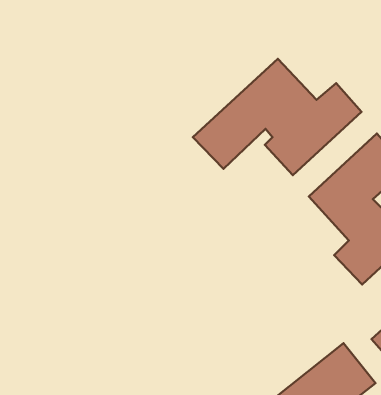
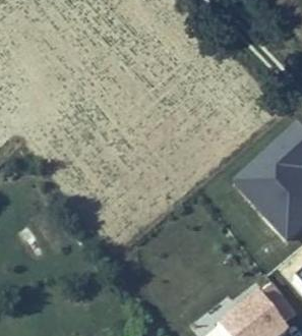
building: [193,59,362,175] -> none

